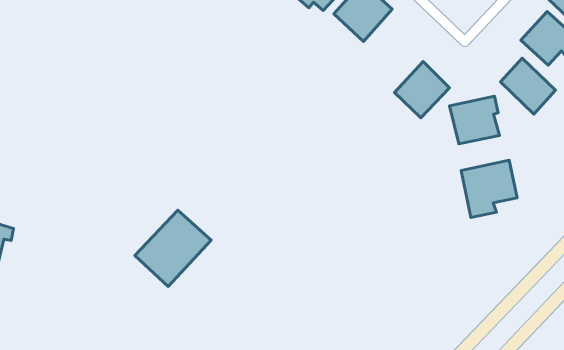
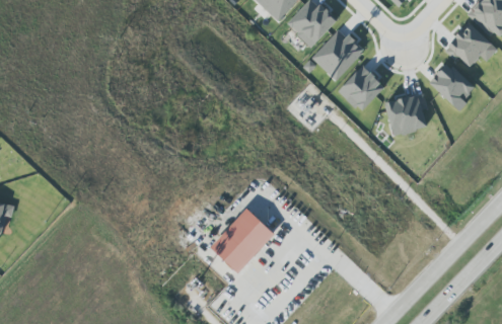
building: none -> [311,27,364,80]
building: [461,160,517,218] -> none
building: [135,210,211,287] -> [211,208,276,272]

